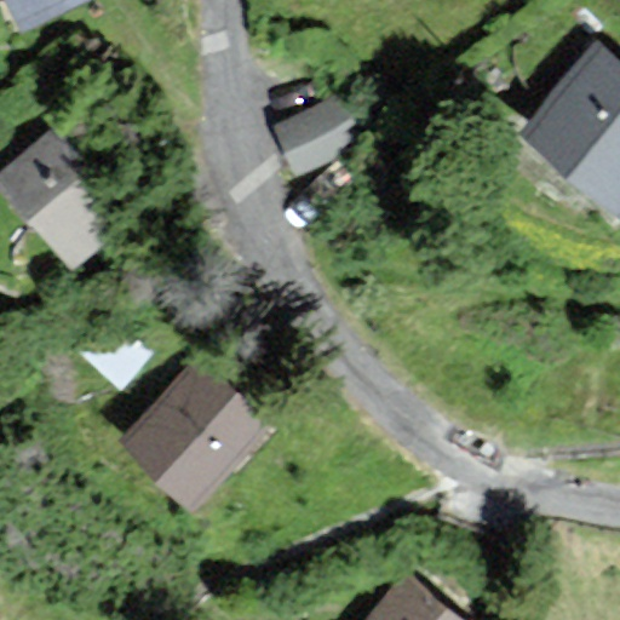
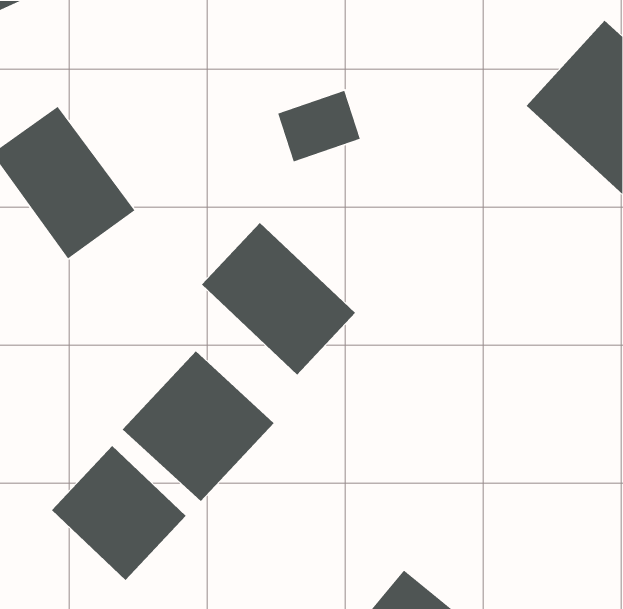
building: none -> [201,222,356,375]
building: none -> [51,445,187,581]

